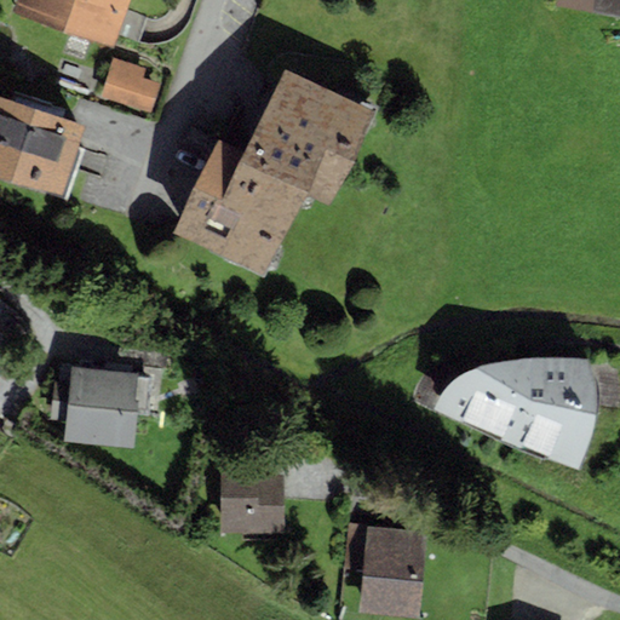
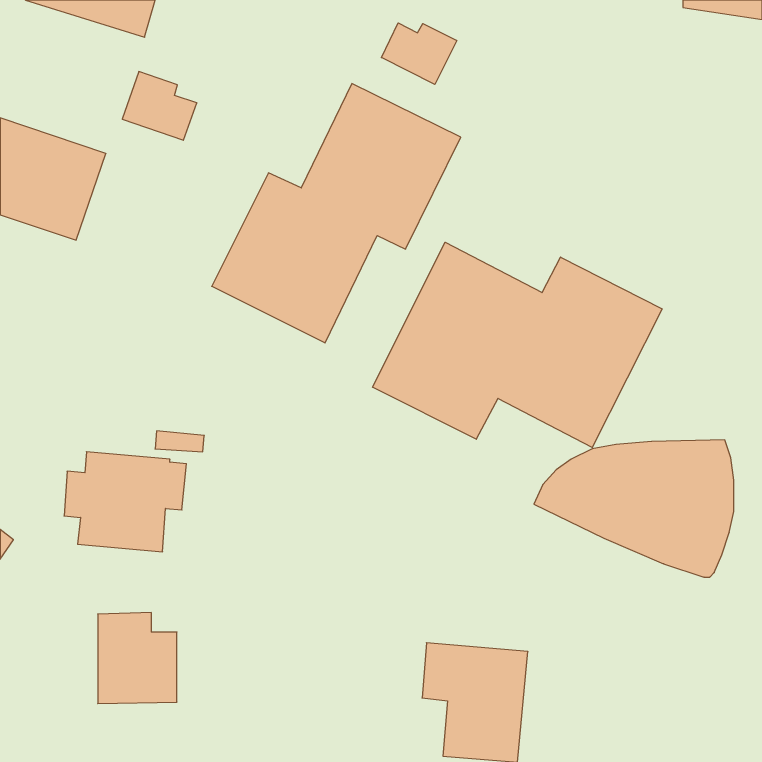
building: none -> [381,23,457,84]
building: none -> [373,242,662,448]
building: [219,460,283,534] -> [98,613,177,704]

